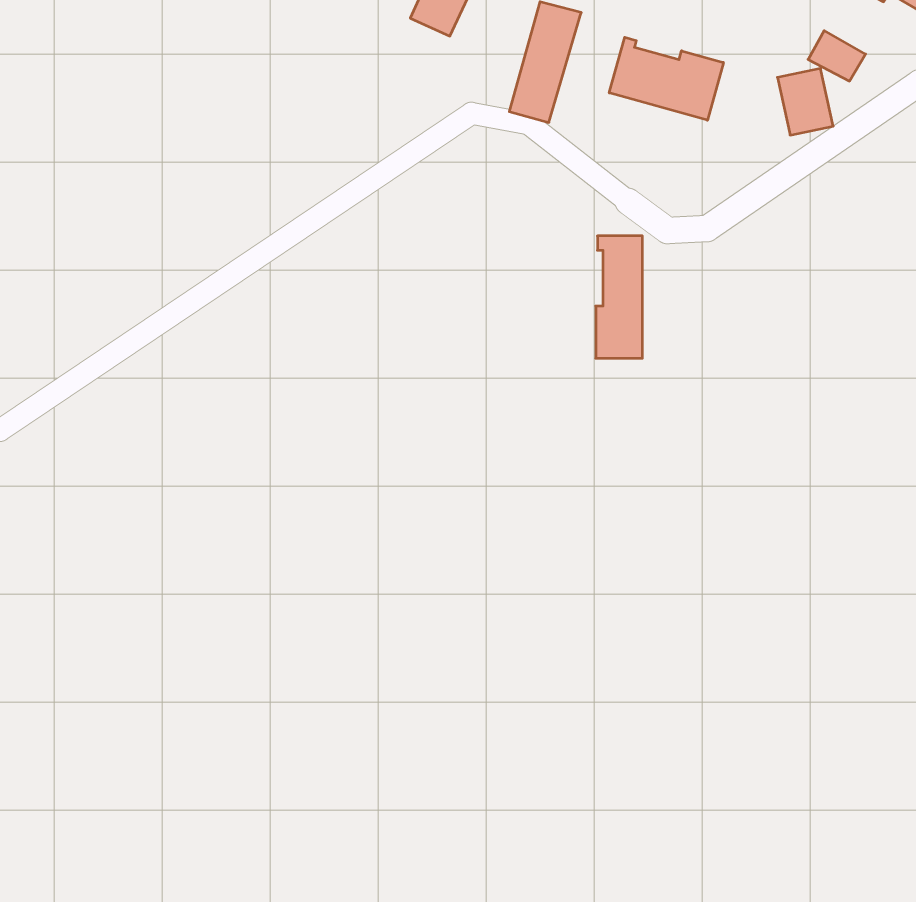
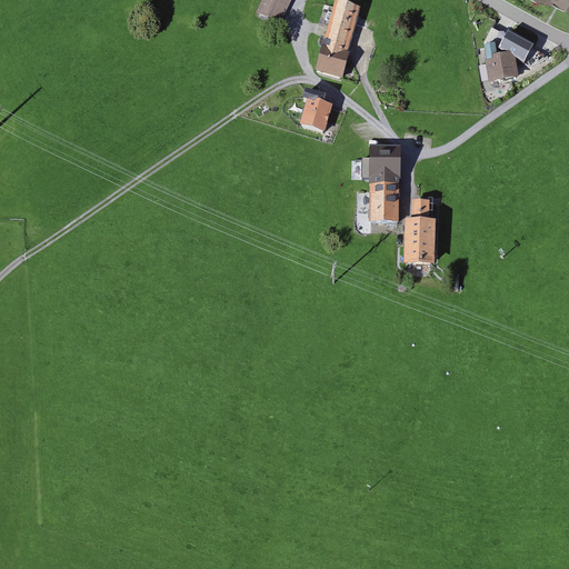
building: [609,37,723,120] -> none
building: none -> [299,89,331,131]
building: none -> [403,198,436,262]

